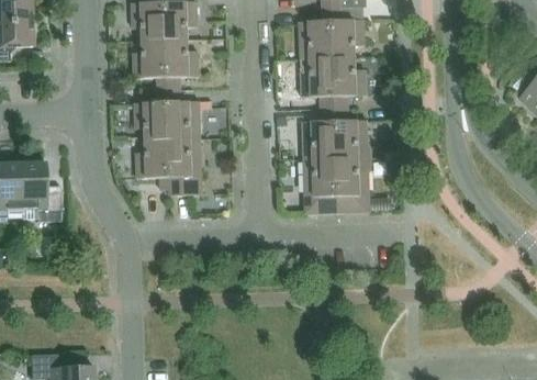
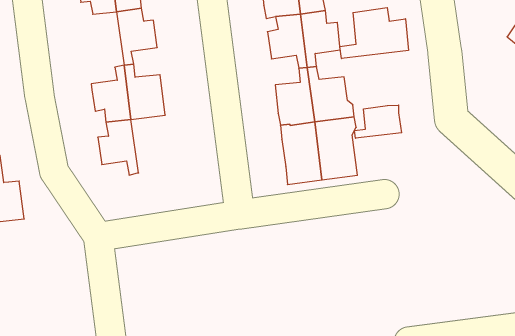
building: [134,40,168,90] -> none
building: none -> [340,8,408,59]
building: [169,138,203,195] -> none
building: none -> [354,105,402,138]

